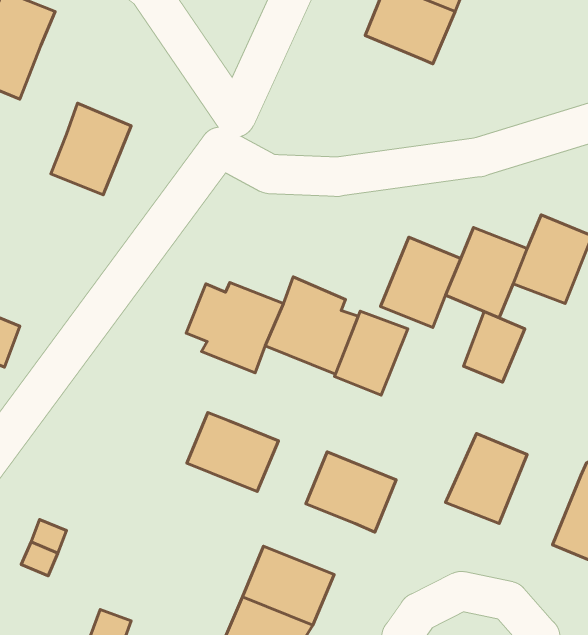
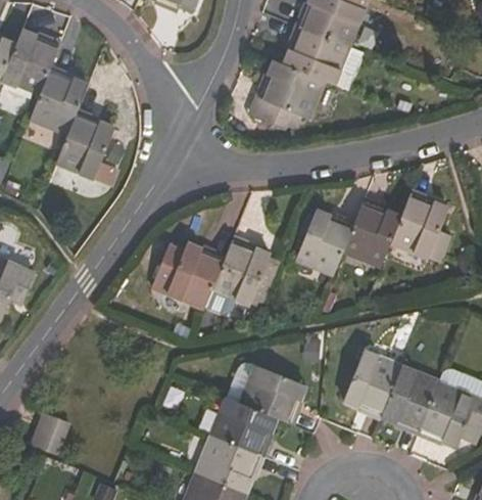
building: none -> [252,60,326,129]
building: none -> [30,71,87,135]
building: [335,311,408,395] -> none
building: [464,311,525,382] -> none
building: [187,413,278,491] -> [210,397,277,454]
building: none -> [381,367,440,433]

